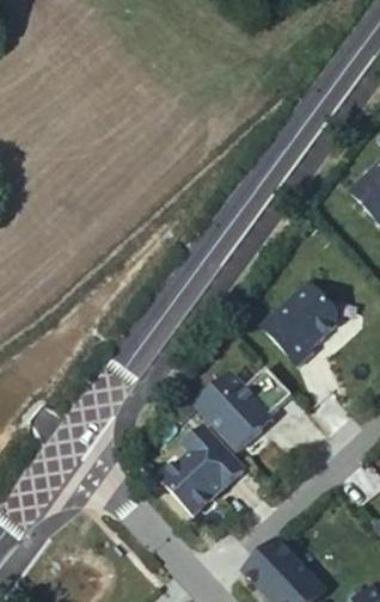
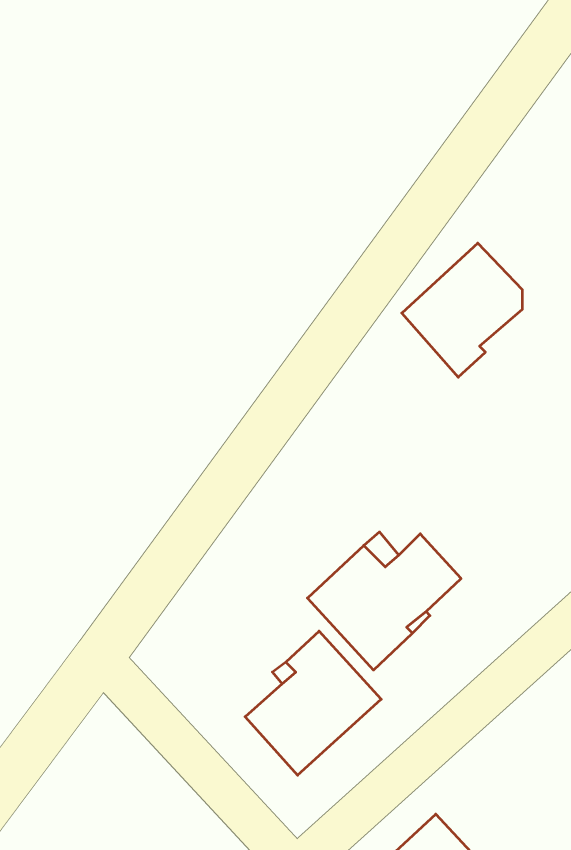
building: [263,282,337,364] -> [402,243,522,377]

